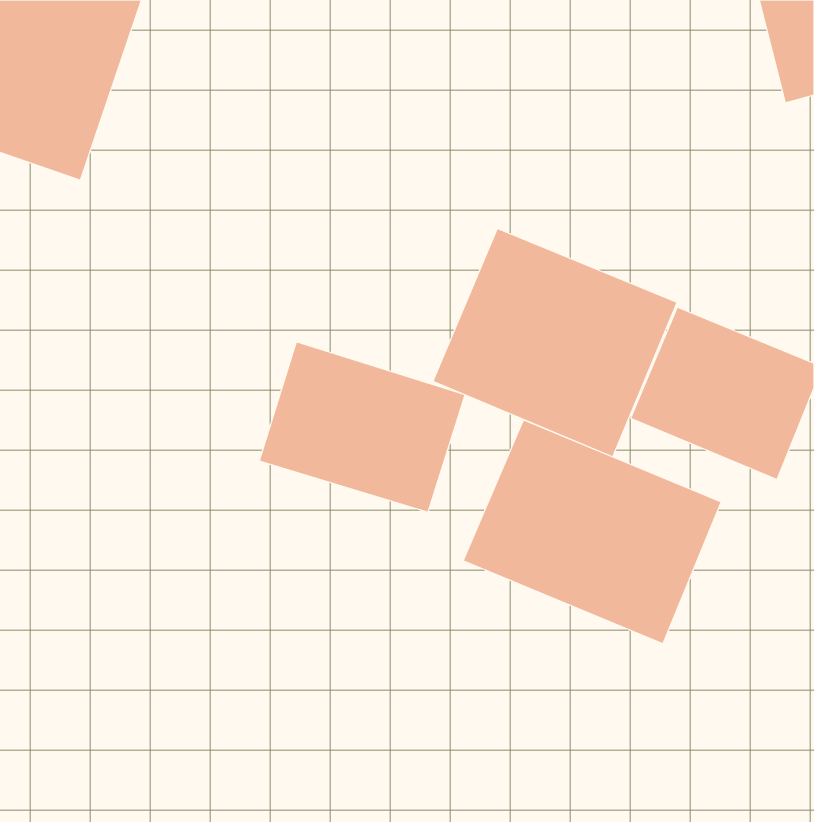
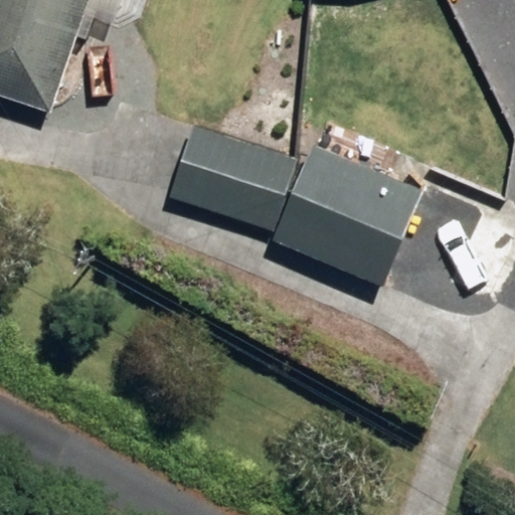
building: [259,342,465,512] -> [166,123,295,229]
building: [463,420,721,644] -> none

